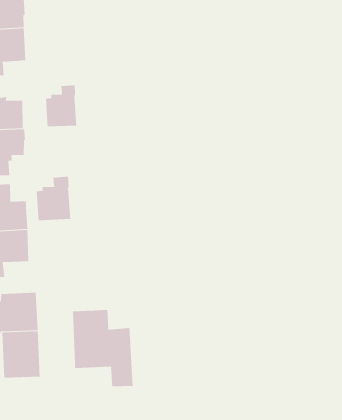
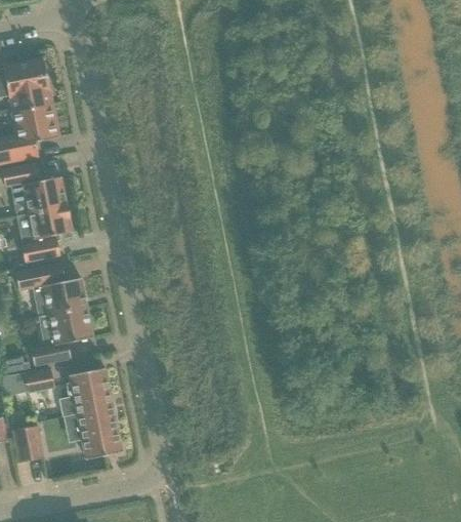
building: [45,84,77,127] -> none
building: [36,176,71,221] -> none
building: [72,309,133,387] -> none

